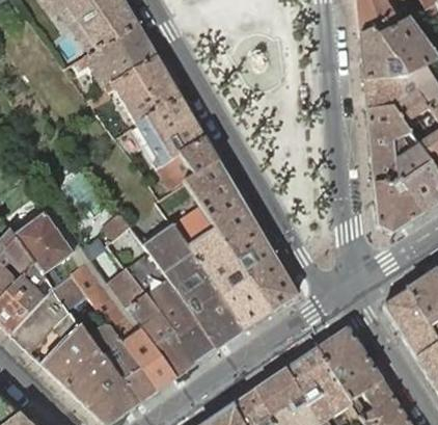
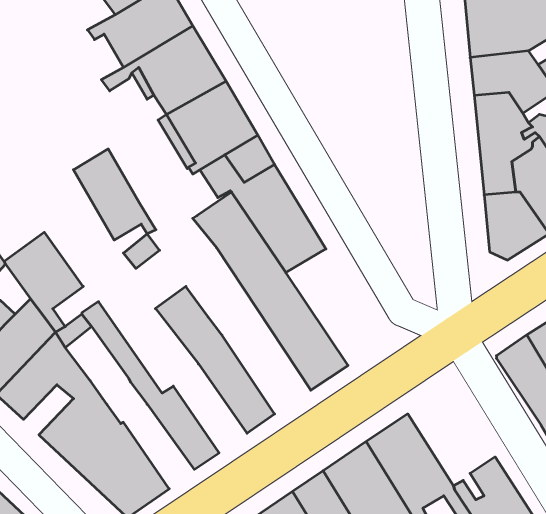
building: none -> [73,149,156,240]
building: [140,222,245,347] -> none
building: [226,223,297,311] -> none
building: [94,253,197,376] -> none
building: [89,321,158,403] -> none
building: [318,327,383,401] -> none

